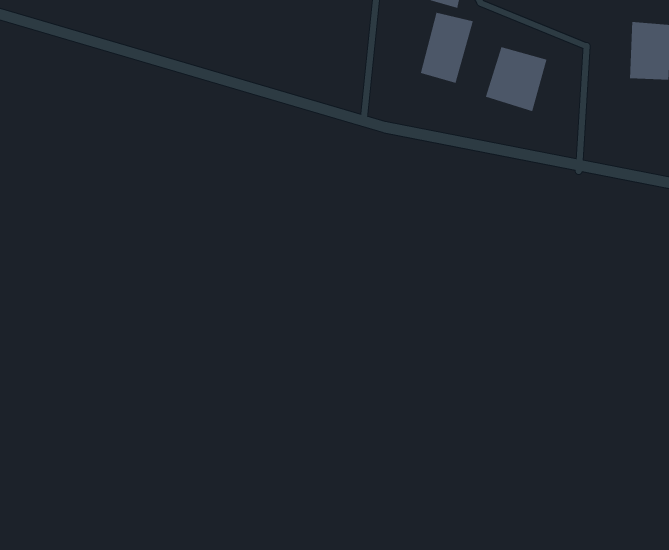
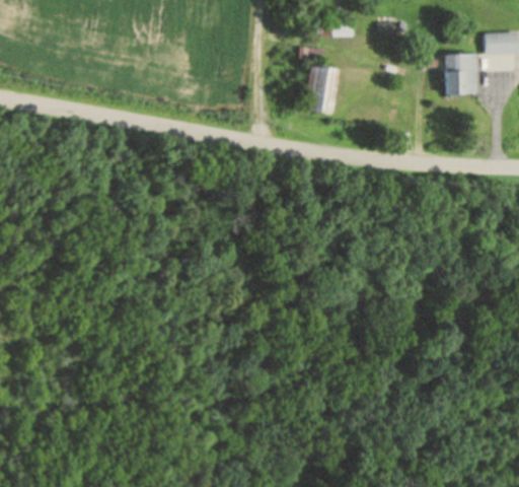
building: [485,46,548,112] -> none

